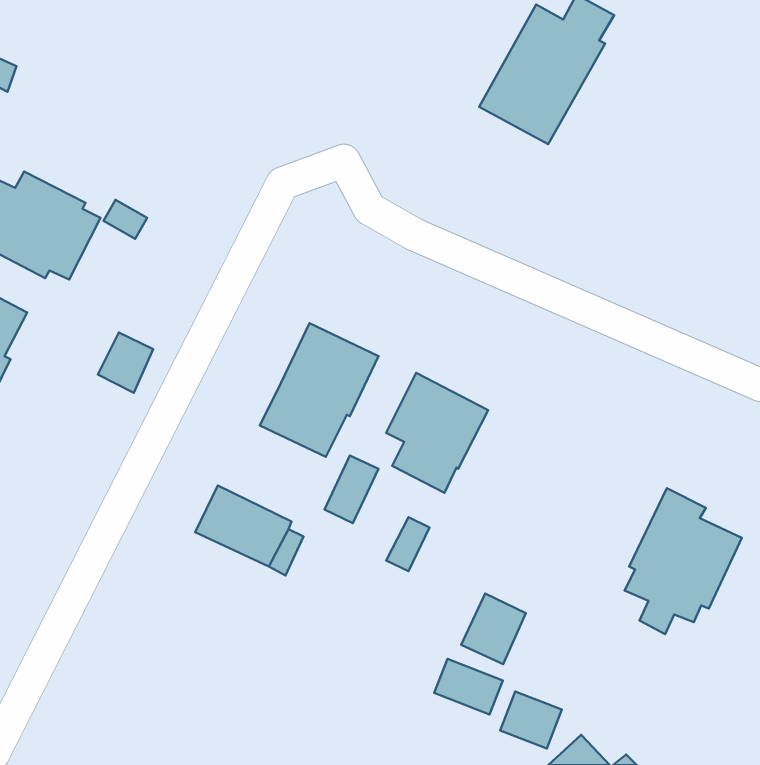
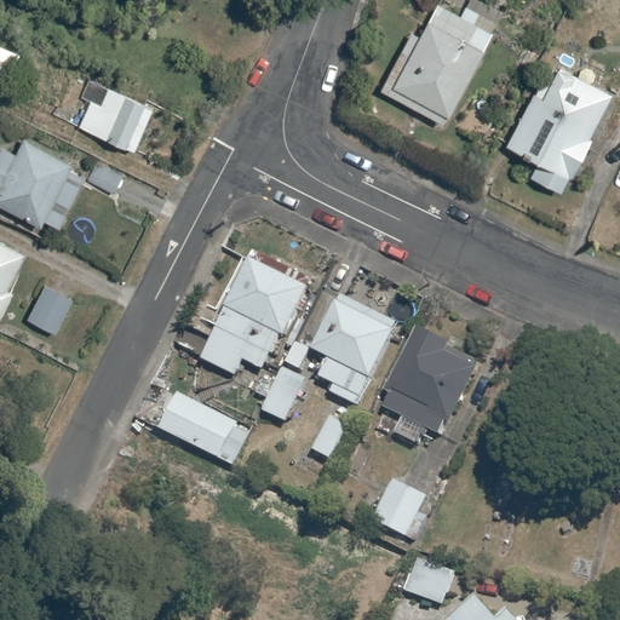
building: none -> [499,67,604,191]
building: none -> [74,78,149,149]
building: [98,333,153,393] -> [23,283,68,332]
building: [625,488,742,634] -> [383,326,477,443]
building: [434,659,503,714] -> none

